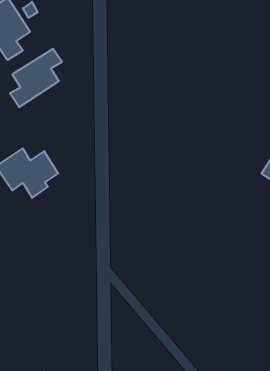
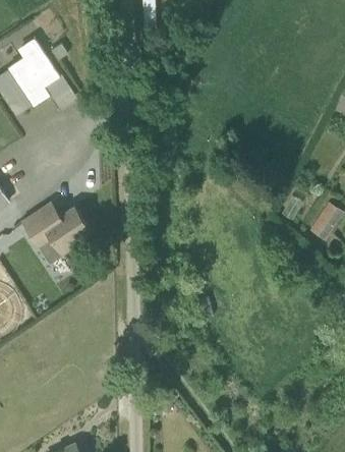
building: [10,49,62,107] -> none

